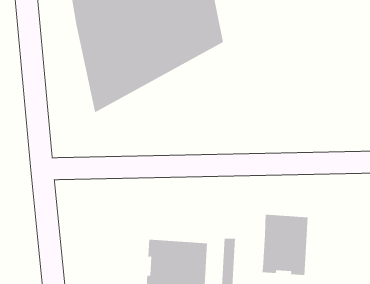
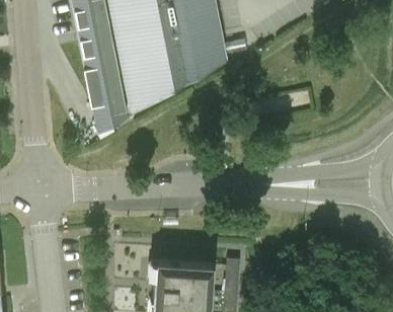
building: [262,214,308,276] -> none

